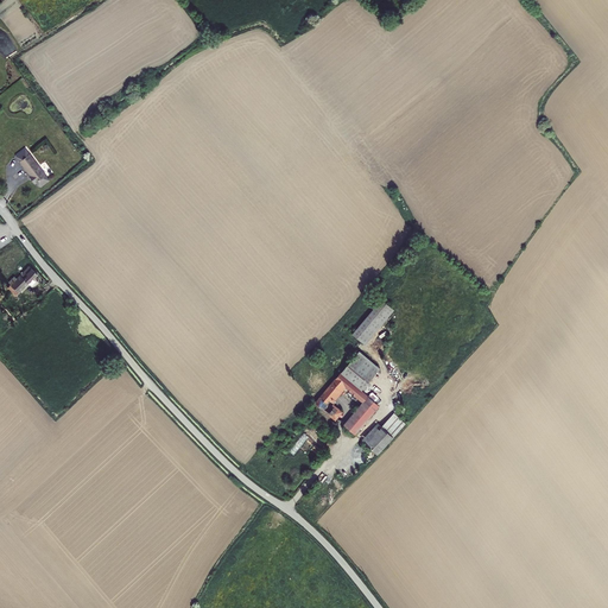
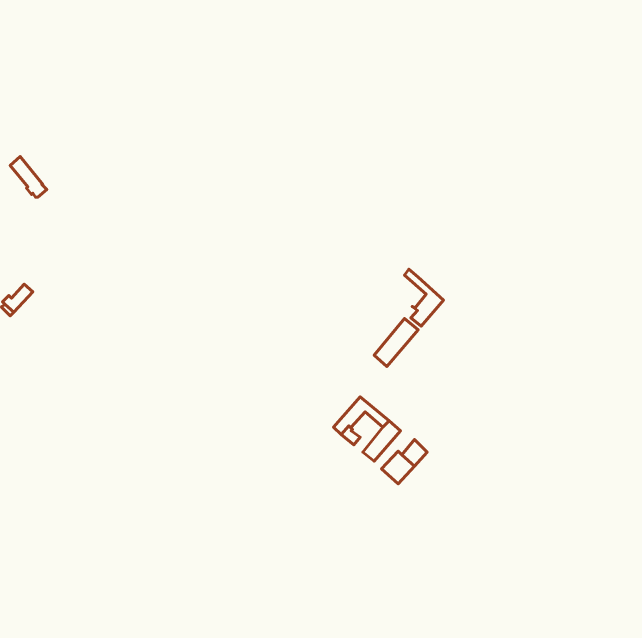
building: none -> [405,269,444,326]
building: [342,352,380,390] -> none

